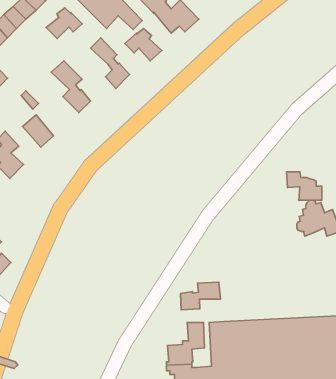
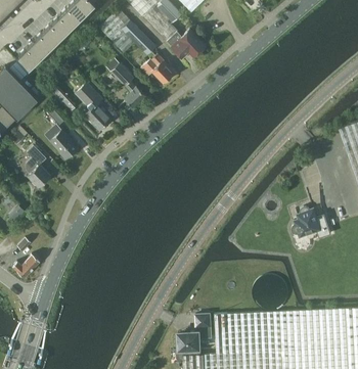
building: [46,8,82,39] -> none
building: [287,172,322,200] -> none
building: [180,282,220,310] -> none

